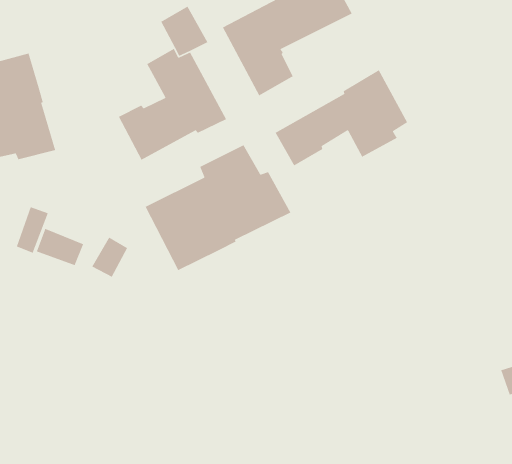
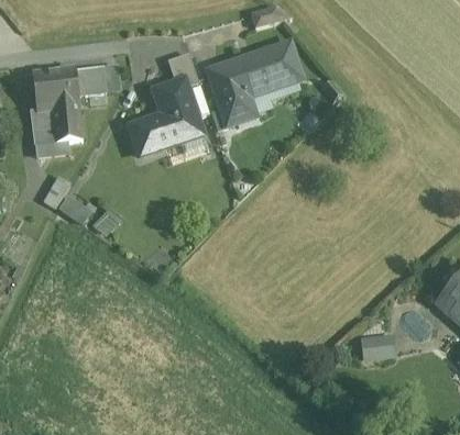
building: none -> [75,66,107,94]
building: [274,69,408,167] -> none
building: [145,144,292,271] -> none

